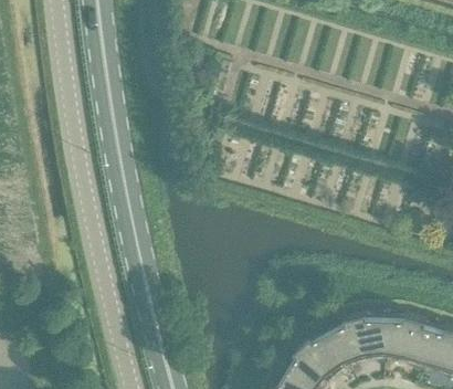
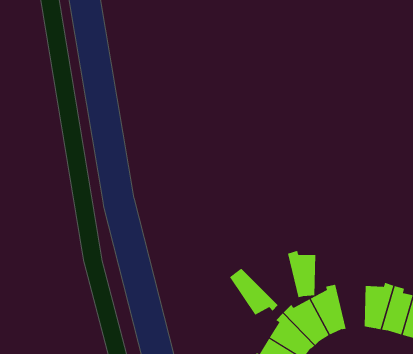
building: none -> [229,268,279,315]
building: [352,312,382,360] -> [287,250,316,298]

